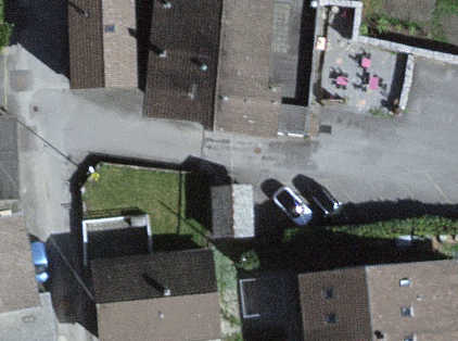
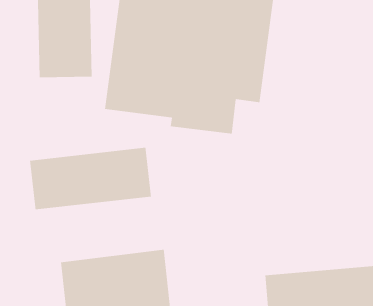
building: none -> [30,147,152,210]

